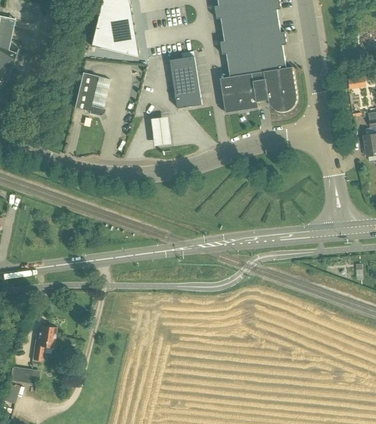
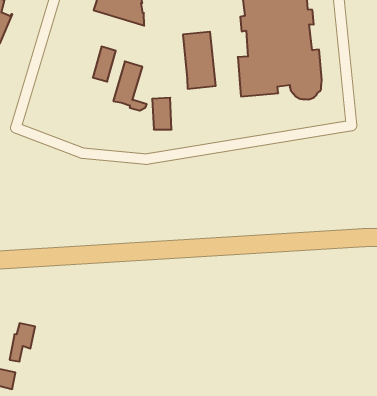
building: [74,72,104,115] -> [113,61,147,111]

